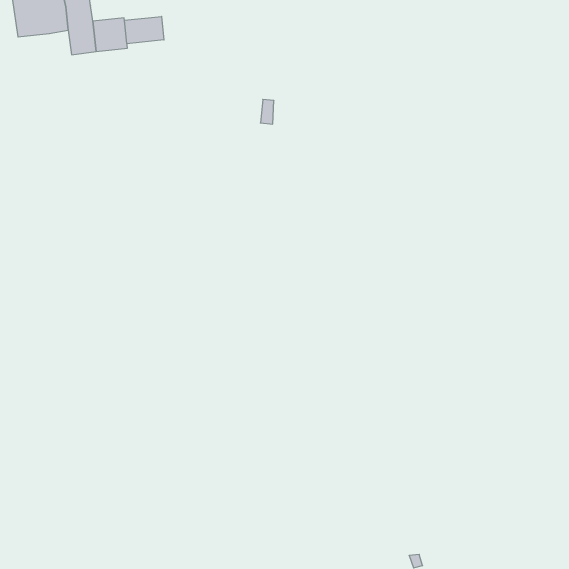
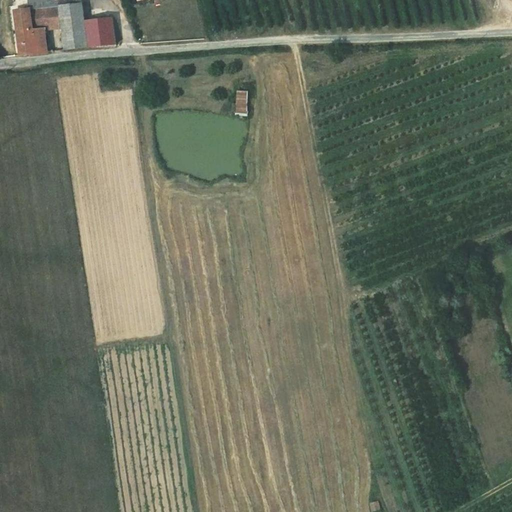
building: [125,16,164,44] -> none
building: none -> [16,30,46,55]

